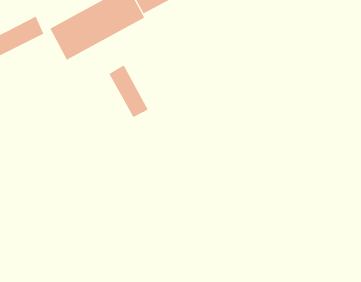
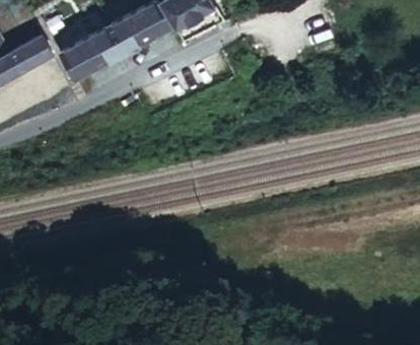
building: [108,64,149,118] -> none

